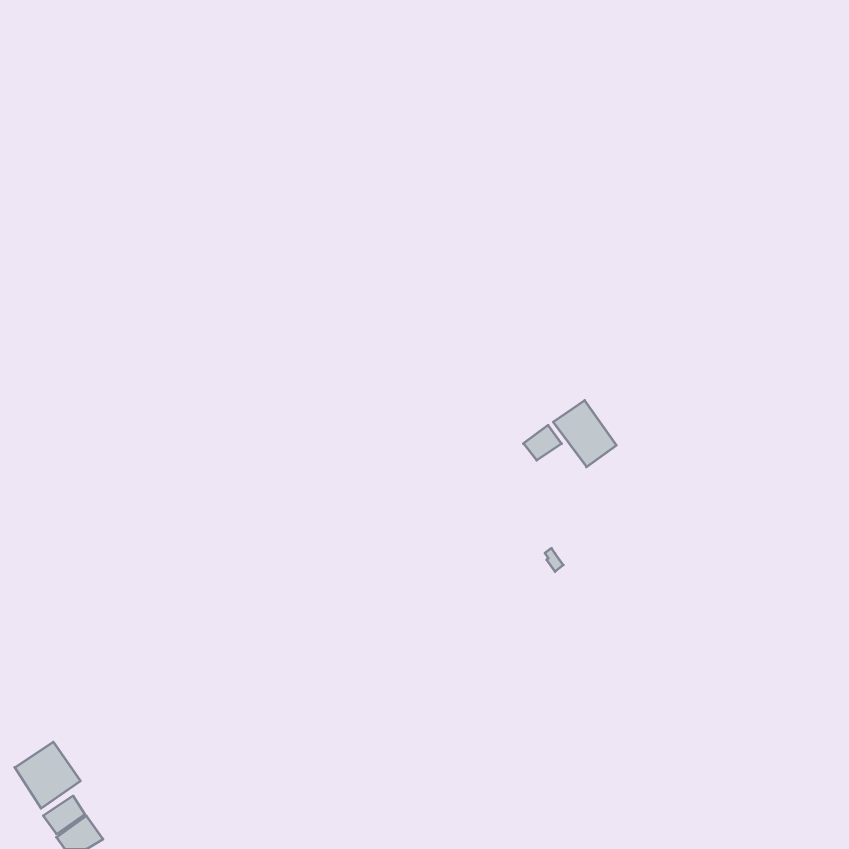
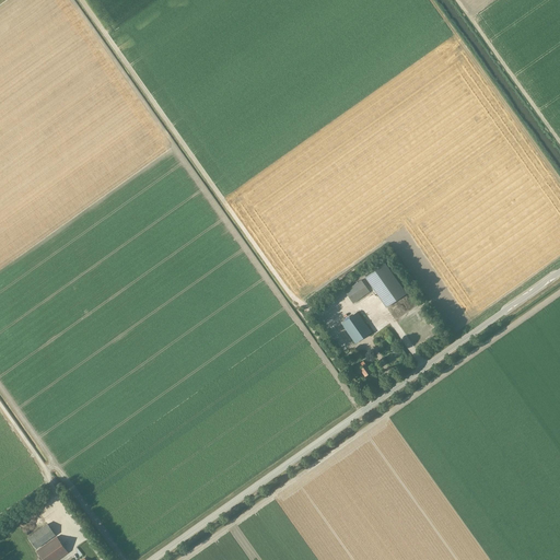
building: none -> [341,312,372,343]
building: [15,742,80,808] -> none

